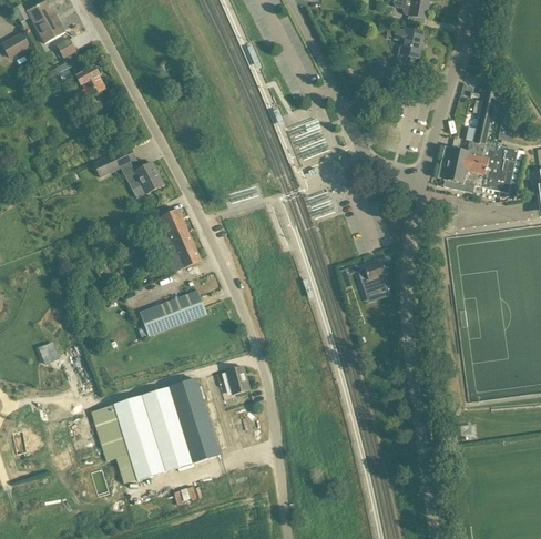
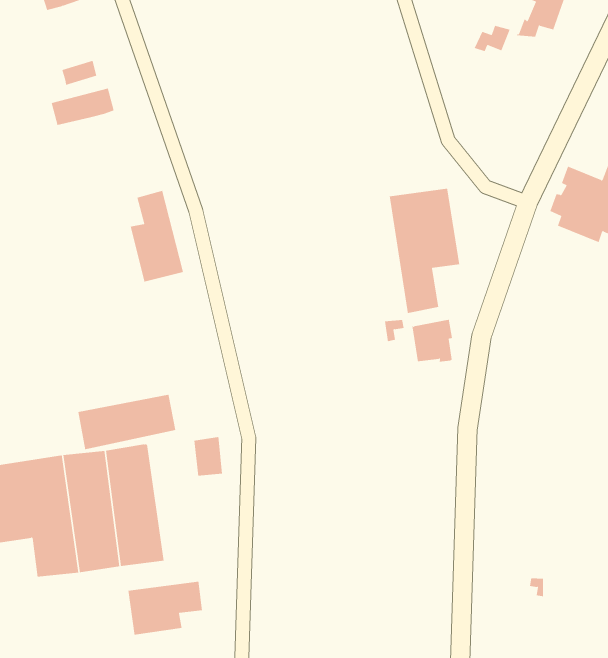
building: [131,161,163,197] -> none
building: none -> [389,188,460,314]
building: [139,289,206,336] -> [78,394,176,450]
building: none -> [128,581,202,635]

